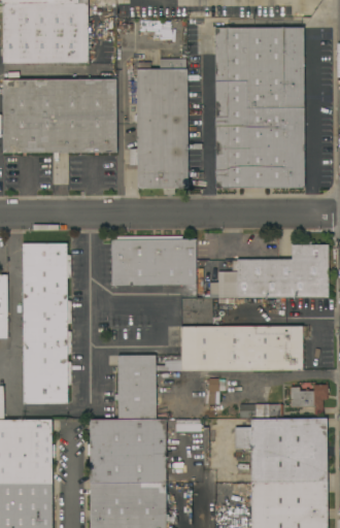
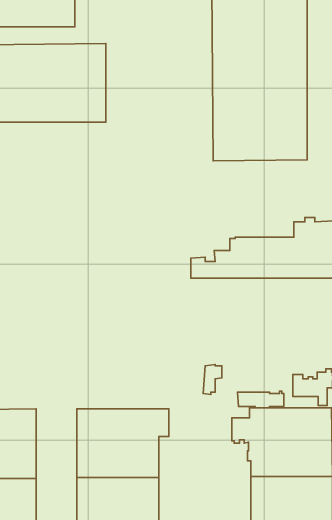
building: [130,59,188,195] -> none
building: [109,236,196,286] -> none
building: [23,244,71,405] -> none
building: [164,327,307,371] -> none
building: [114,355,156,420] -> none

